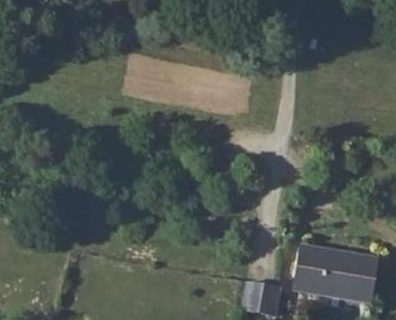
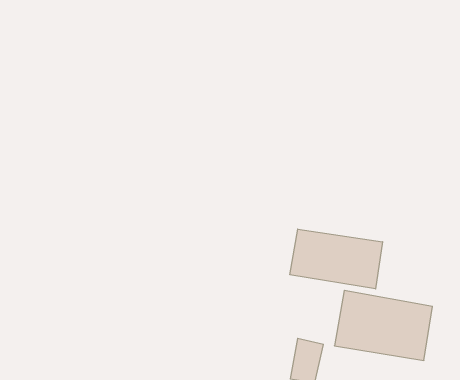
building: none -> [290,229,383,289]

